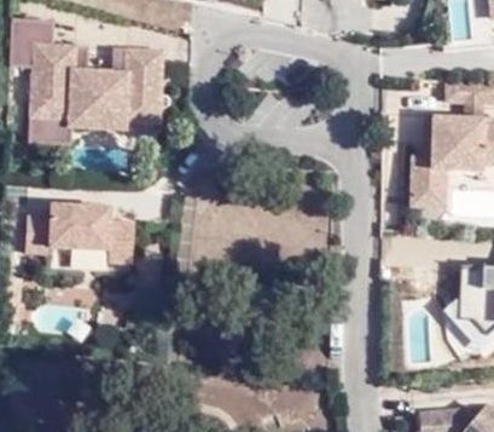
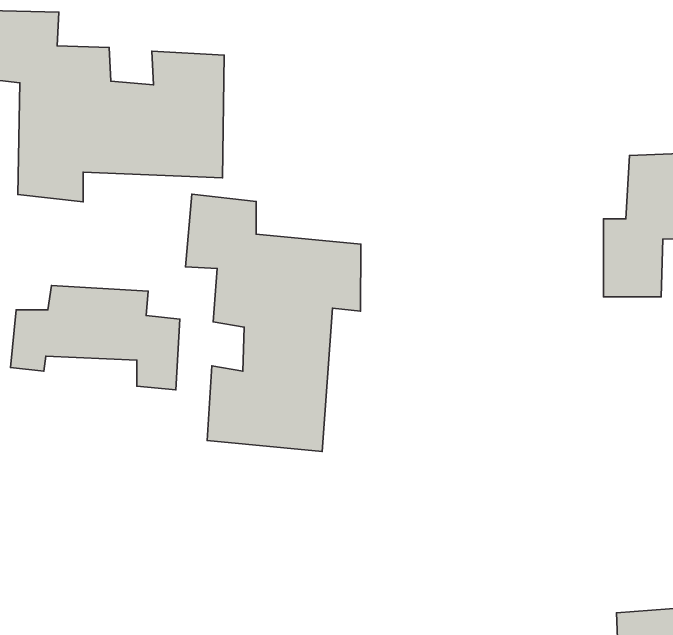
building: none -> [186,194,361,451]

